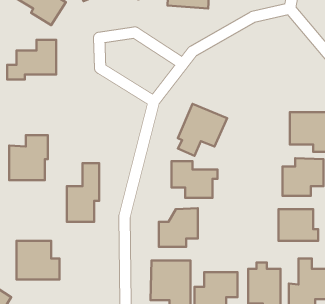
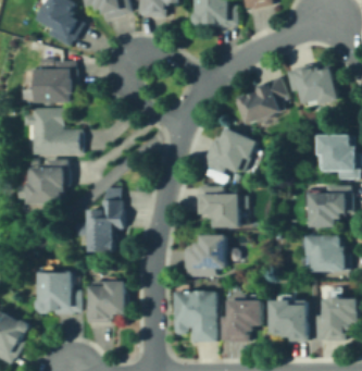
building: none -> [285,63,339,108]
building: none -> [233,77,285,126]
building: none -> [27,109,77,153]
building: none -> [89,282,123,322]

